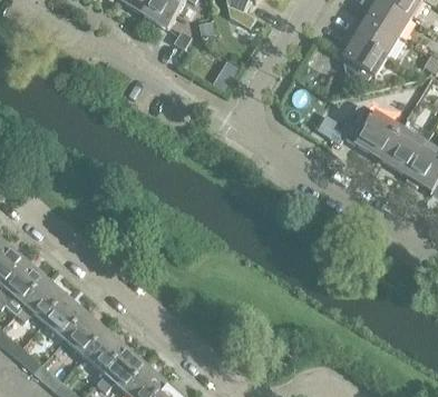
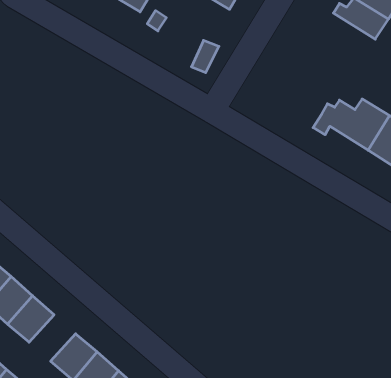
building: [341,32,387,80] -> none
building: [64,314,107,357] -> none

